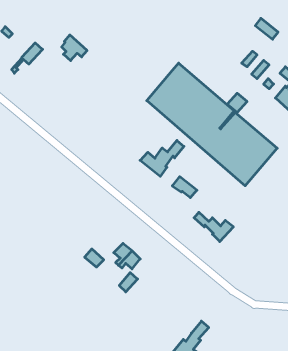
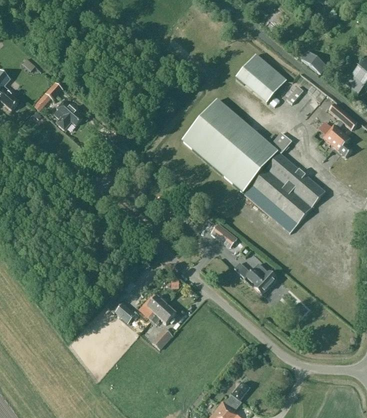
building: none -> [236,53,286,102]
building: [62,35,87,61] -> [54,100,82,128]
building: [140,140,184,176] -> none

